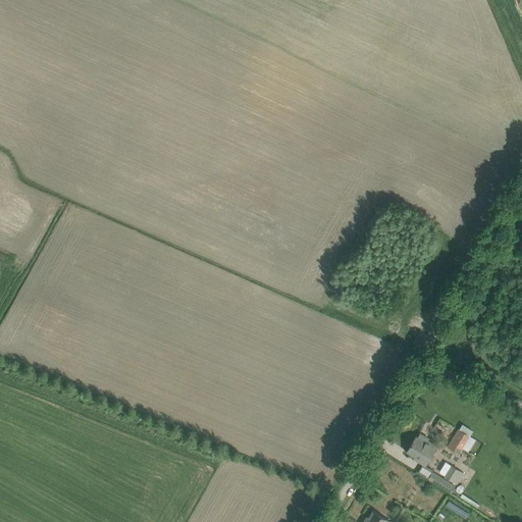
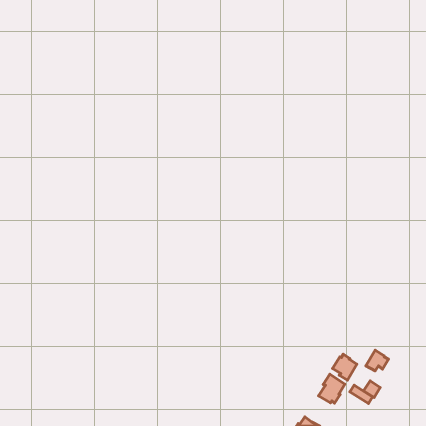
building: none -> [319,374,345,403]

